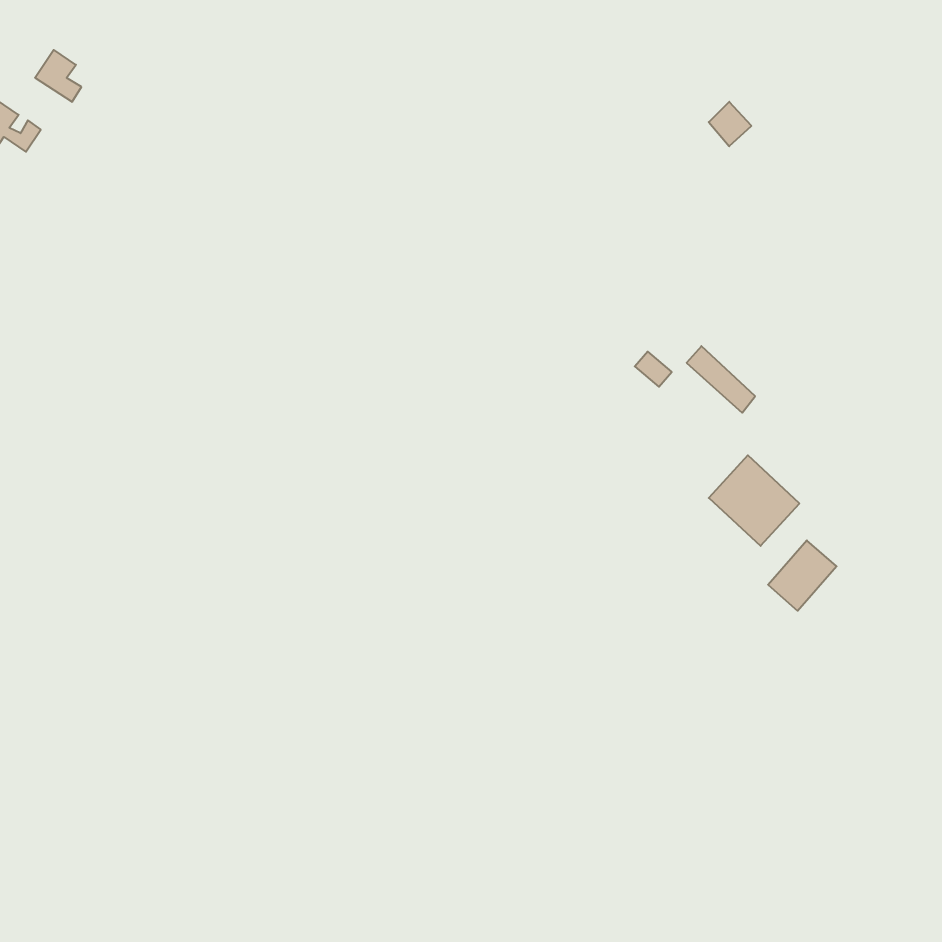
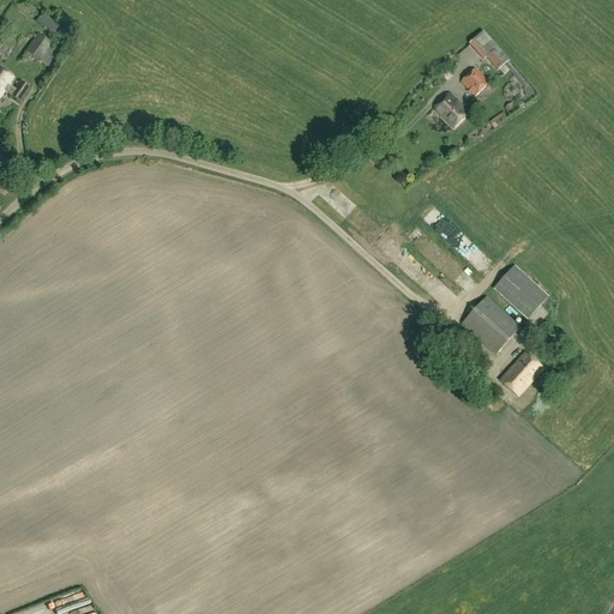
building: none -> [469,30,507,68]
building: none -> [433,90,469,125]
building: none -> [492,264,547,318]

